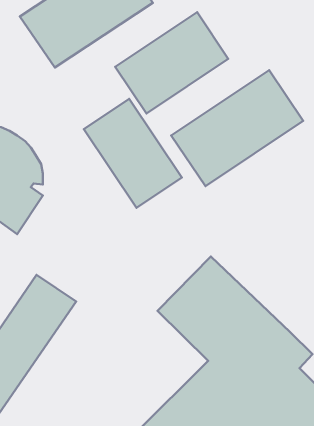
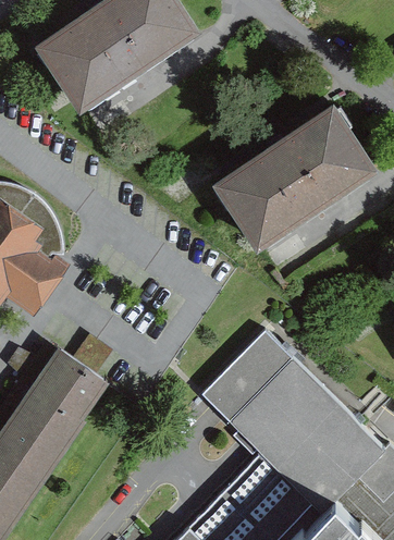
building: [115,12,228,113] -> none
building: [84,99,182,208] -> none

